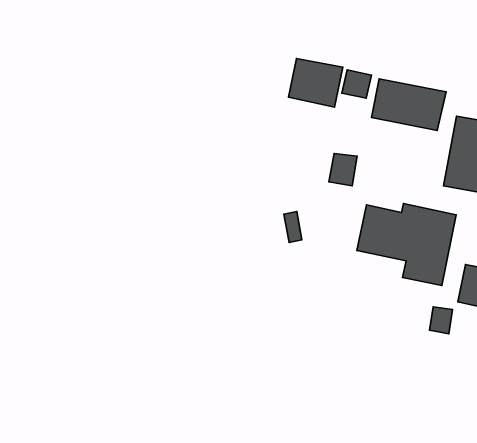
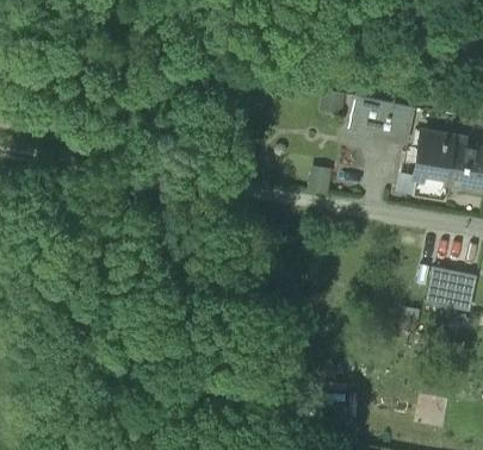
building: [289,59,343,107] -> none
building: [357,203,456,285] -> none

